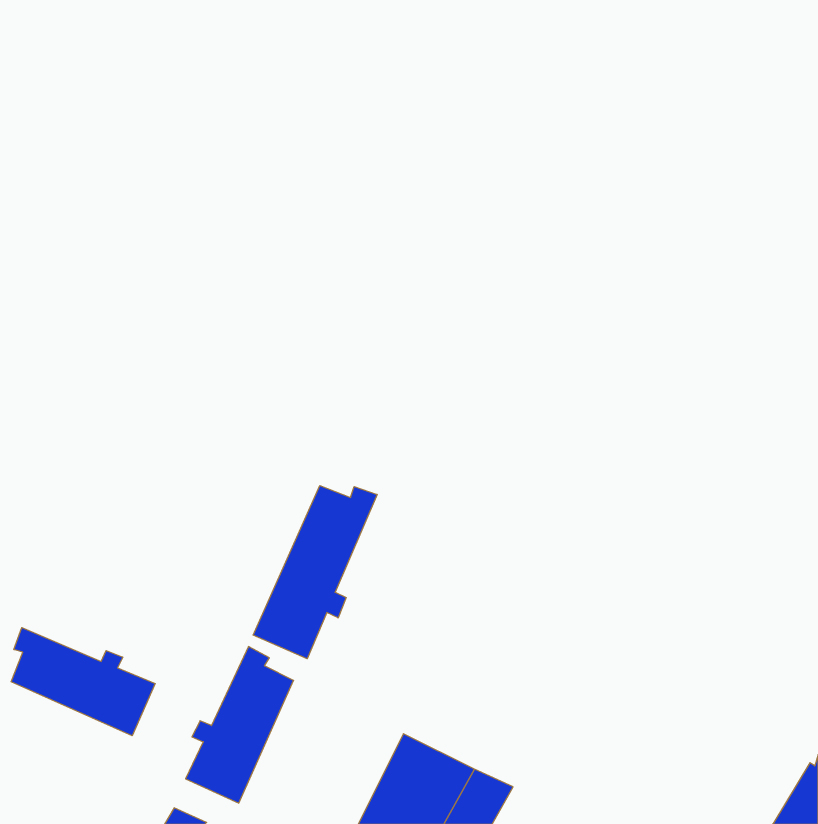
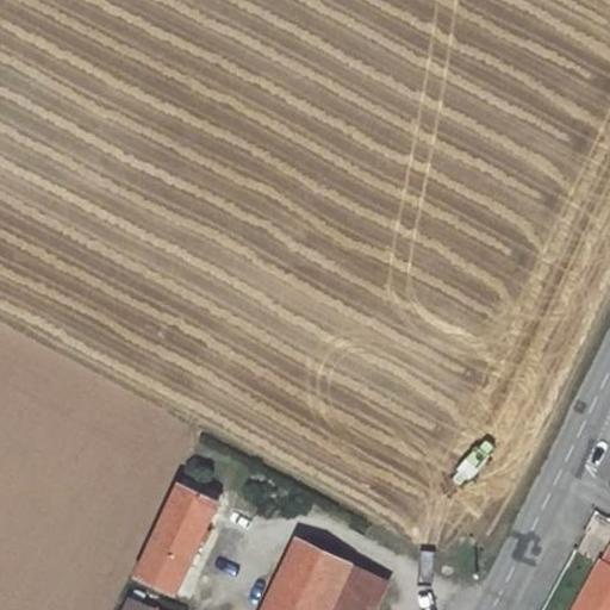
building: [253,486,377,659] -> none
building: [11,628,155,736] -> none

